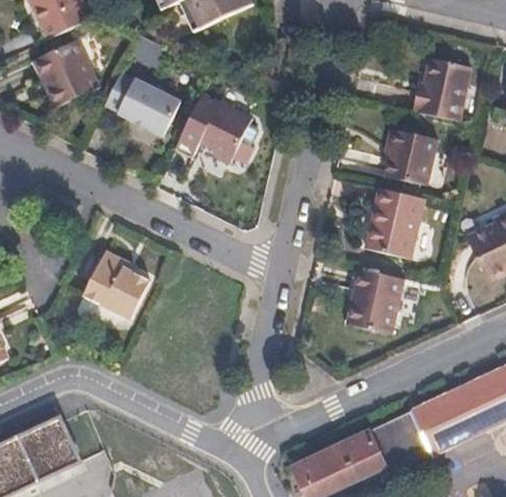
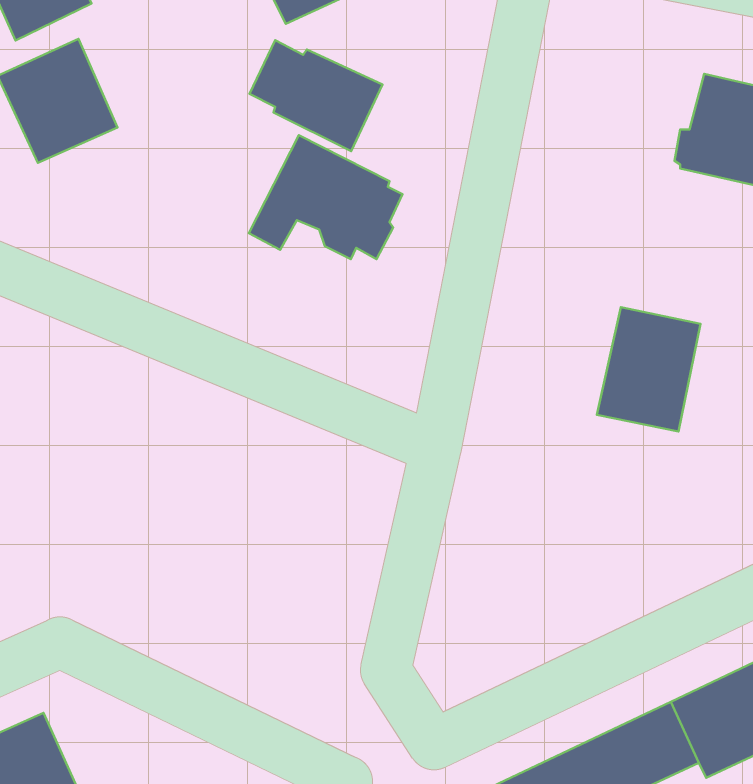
building: [105,72,179,135] -> [249,40,383,151]
building: [388,130,438,184] -> none
building: [83,254,149,321] -> none
building: [348,268,406,337] -> none

